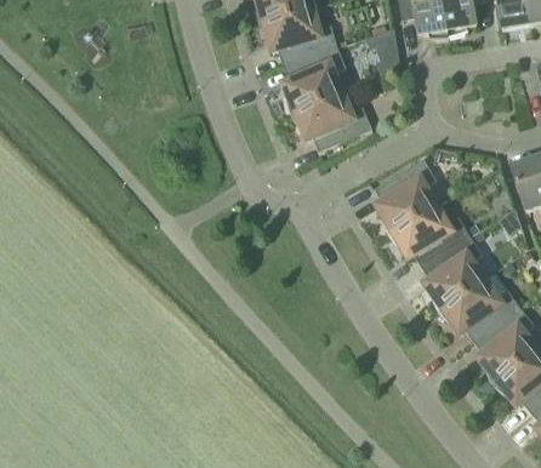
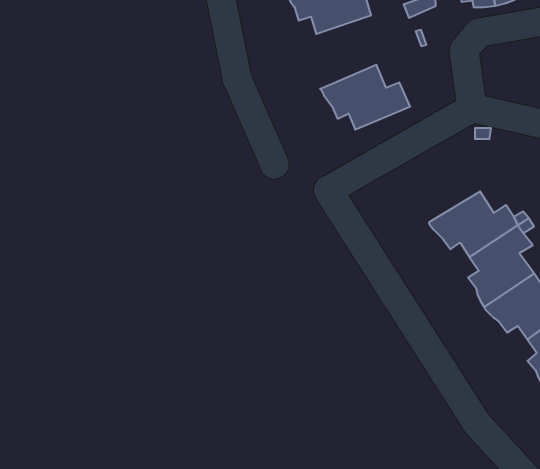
building: [281,46,344,113] -> none
building: [376,159,434,233] -> none

